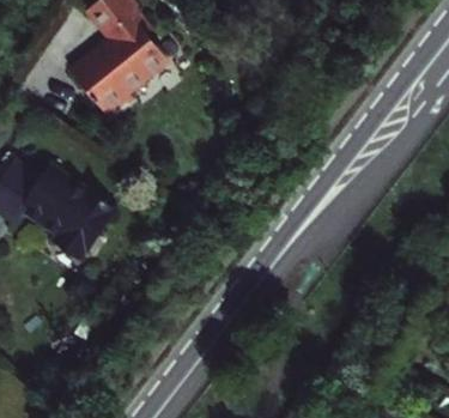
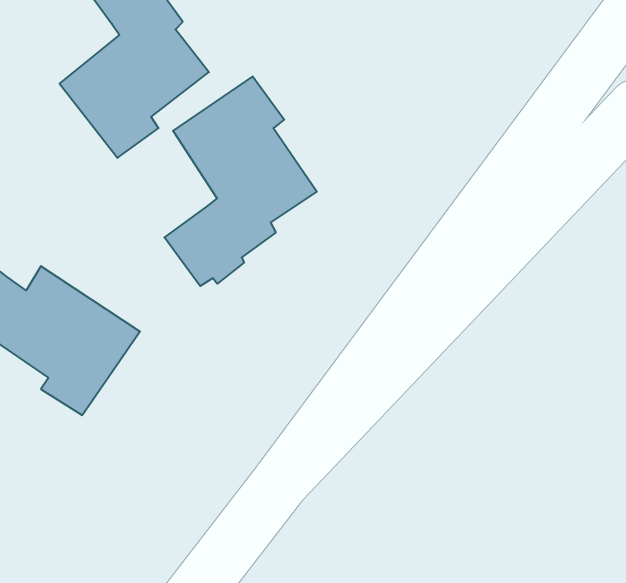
building: none -> [164,76,317,286]

